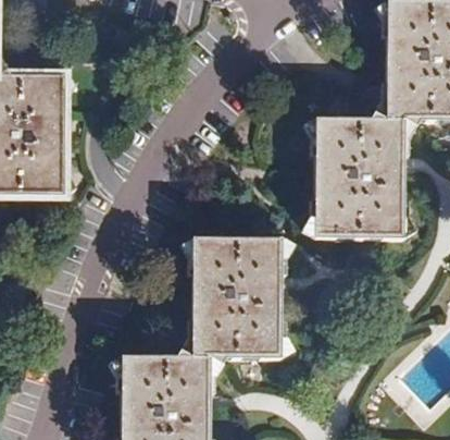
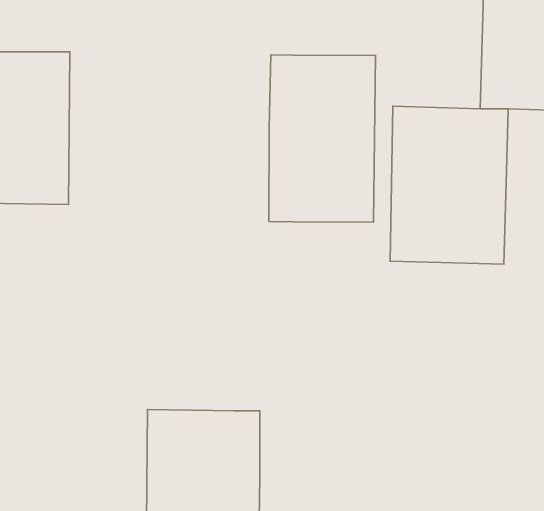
building: none -> [269,55,375,222]
building: [192,240,283,357] -> none

